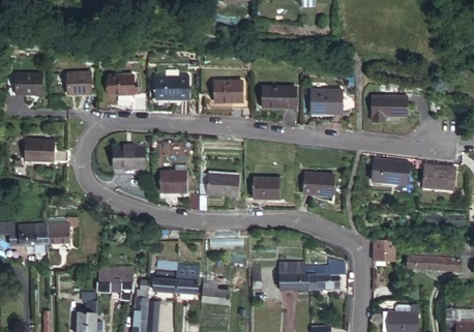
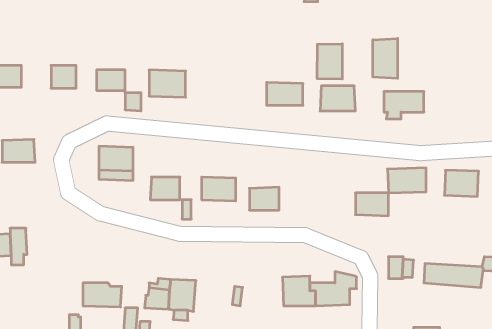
building: none -> [373,38,398,78]
building: none -> [317,44,342,79]
building: [216,80,243,100] -> none
building: [298,171,328,191] -> [355,193,388,216]
building: [46,213,73,240] -> none
building: [202,278,230,303] -> none

